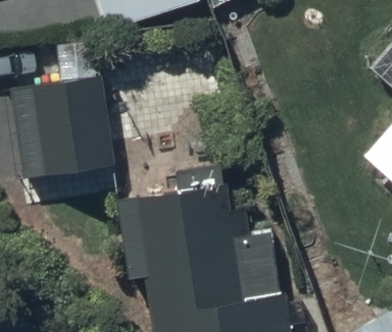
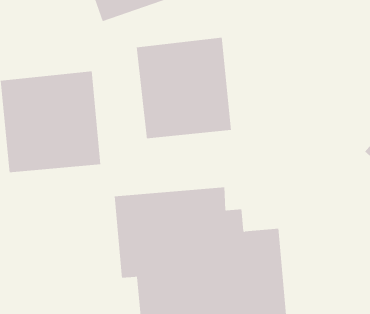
building: none -> [136,37,232,139]

